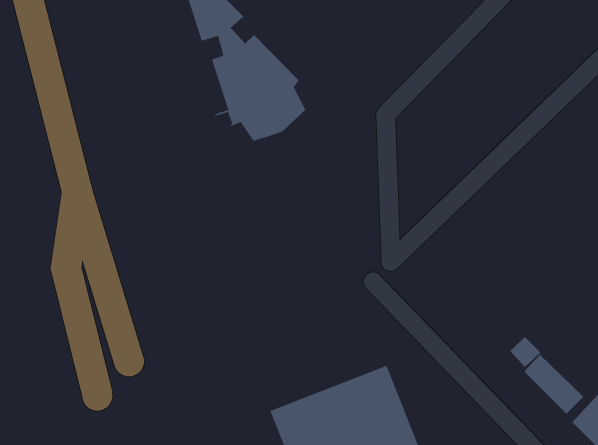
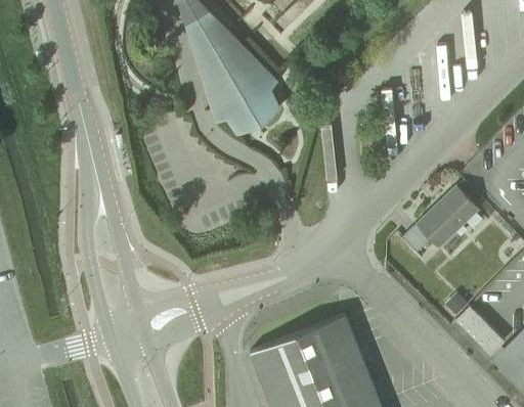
building: none -> [401,188,478,254]

